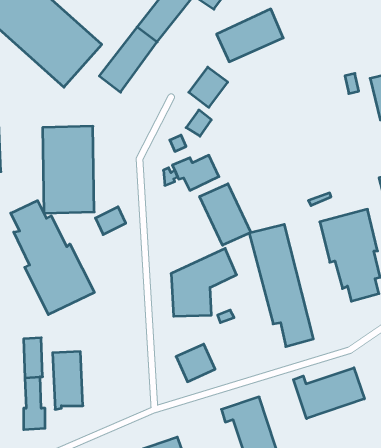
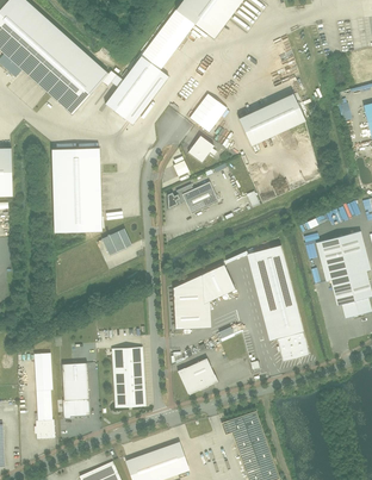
building: [217,9,283,62] -> [241,95,304,145]
building: [200,184,251,245] -> none
building: [11,201,94,315] -> none
building: none -> [111,345,145,406]
building: [293,368,364,419] -> none

